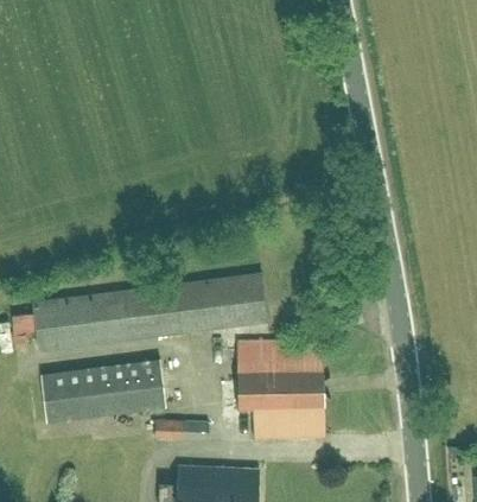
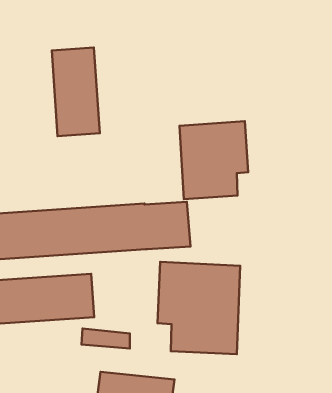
building: none -> [52,48,100,136]
building: none -> [180,121,248,199]

